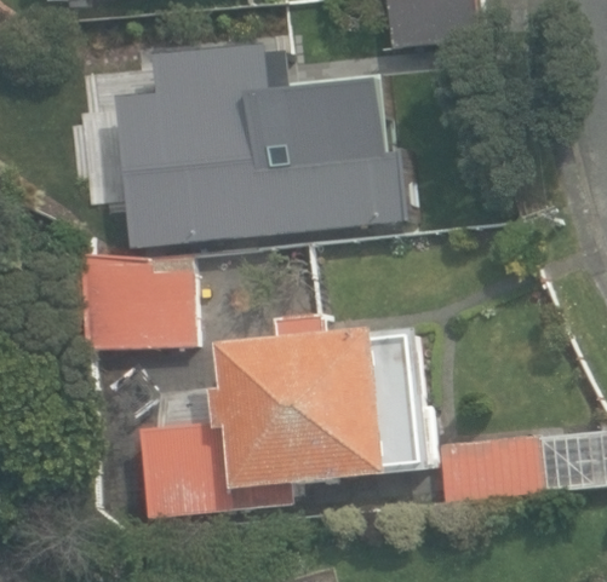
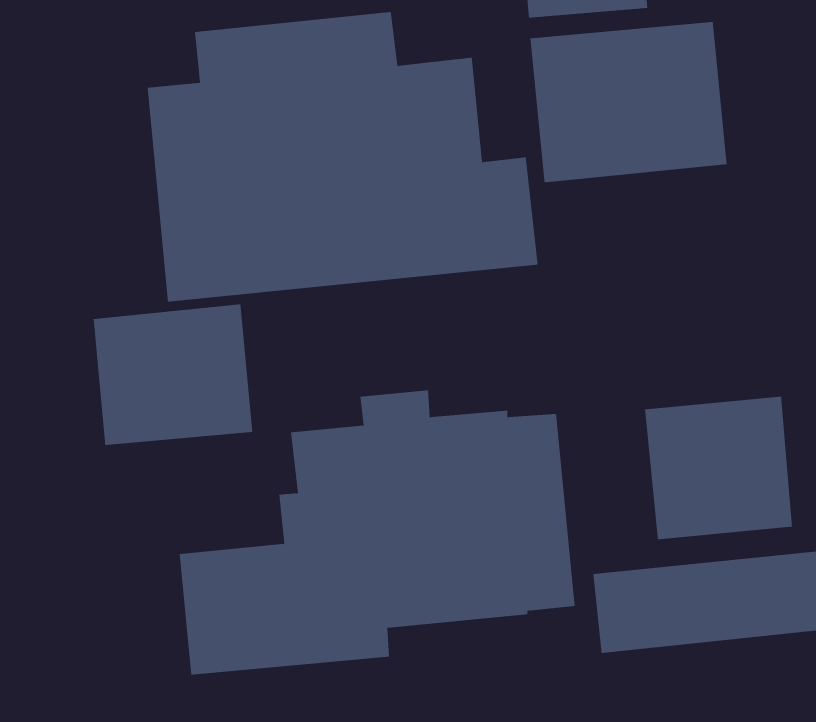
building: none -> [530,21,727,183]
building: none -> [645,396,793,540]

